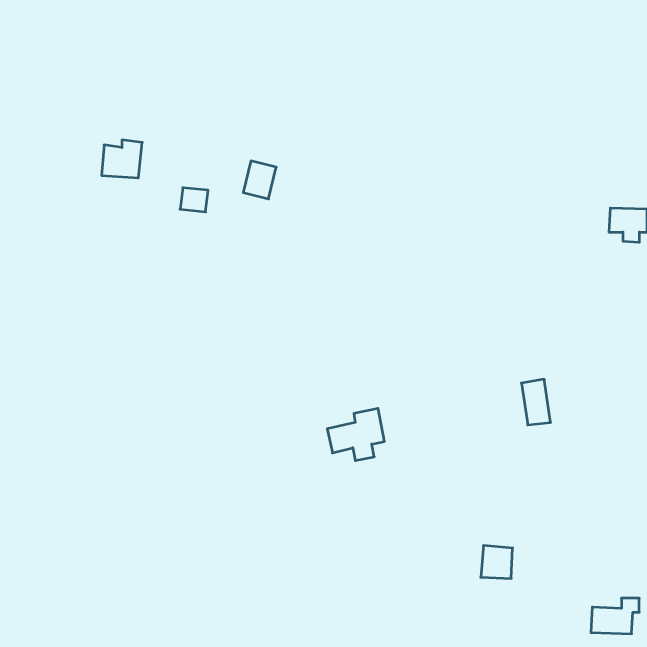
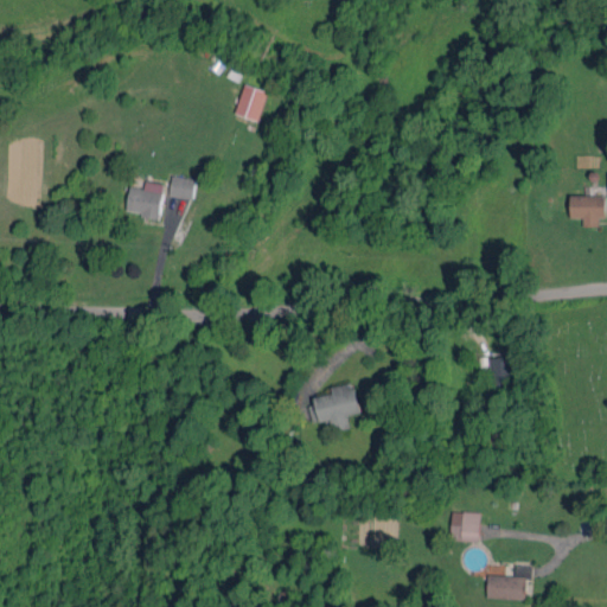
building: [102,140,142,178] -> [126,181,164,217]
building: [243,161,276,199] -> [235,85,266,121]
building: [591,598,639,634] -> [486,567,531,600]

